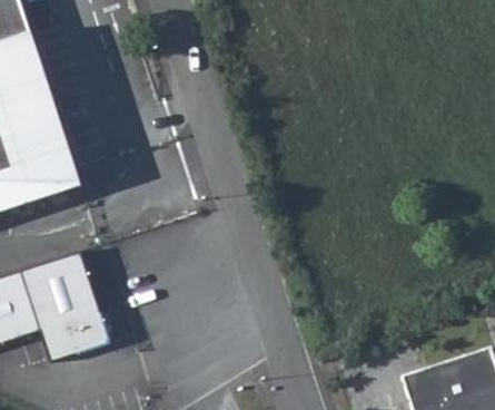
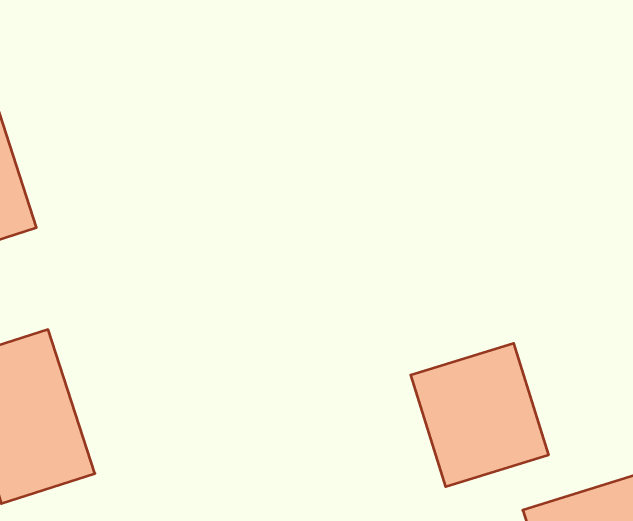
building: none -> [411,343,548,487]

